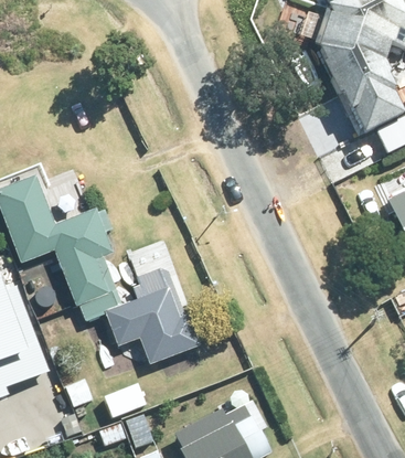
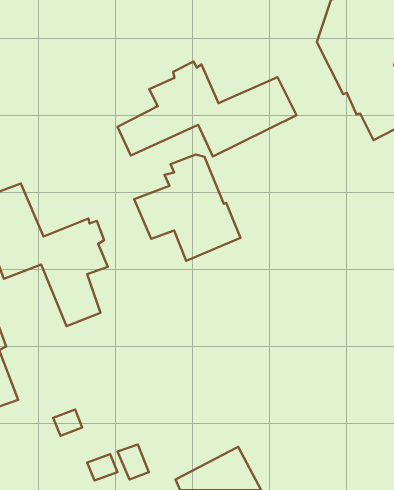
building: none -> [118,62,296,156]
building: [107,267,204,364] -> [134,154,241,261]

